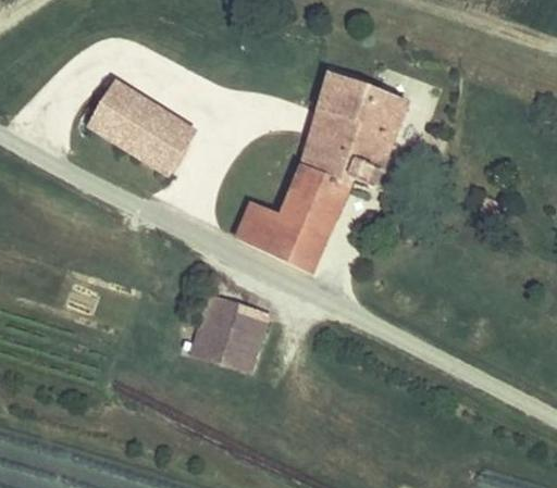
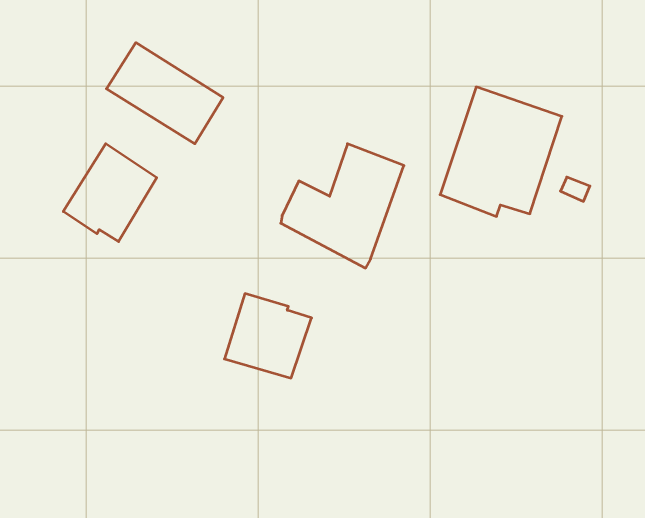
building: [298,77,401,187] -> [440,87,562,216]
building: none -> [63,144,157,242]

